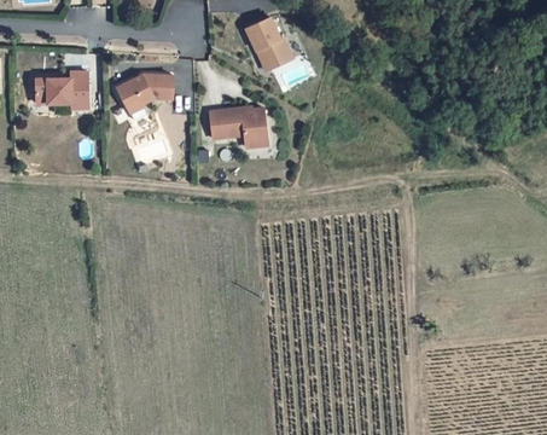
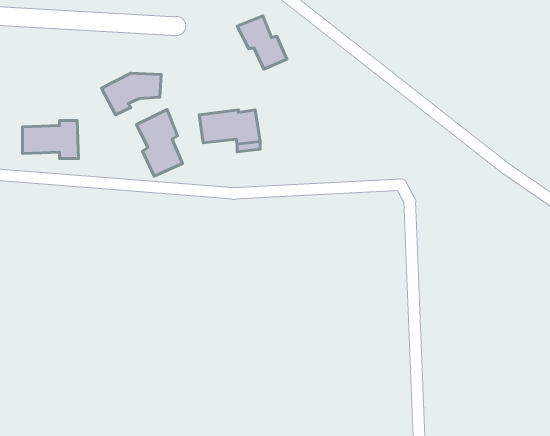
building: [36,72,89,109] -> [23,121,78,159]
building: none -> [136,110,182,176]

